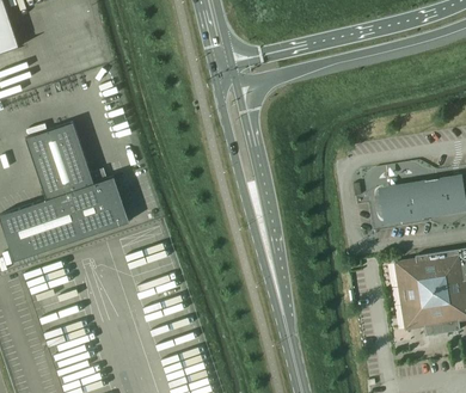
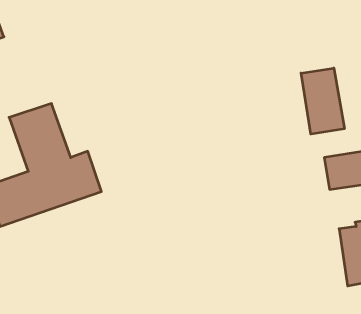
building: none -> [301,68,344,134]

